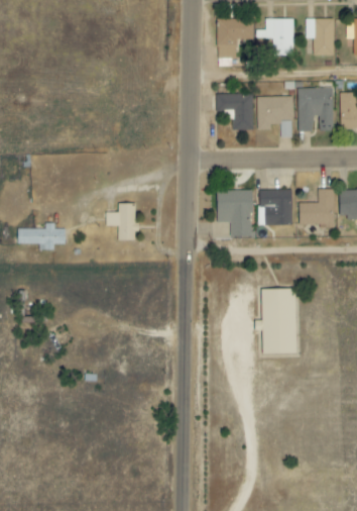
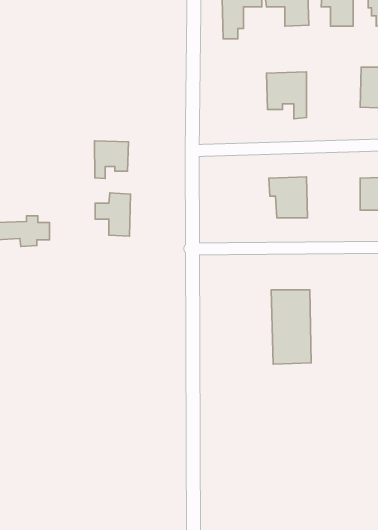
building: [298,88,335,131] -> none
building: [217,94,253,129] -> none
building: none -> [95,141,128,179]
building: [217,190,252,237] -> none
building: [299,190,335,226] -> none

